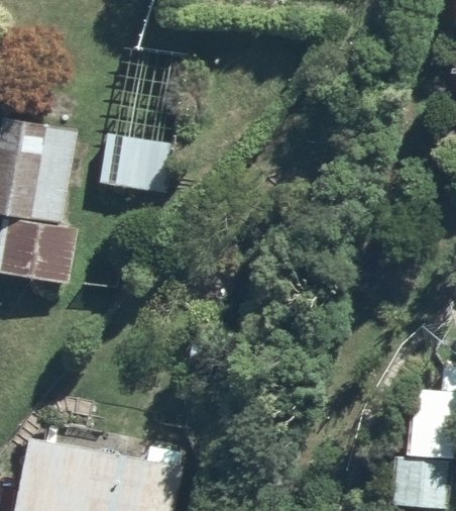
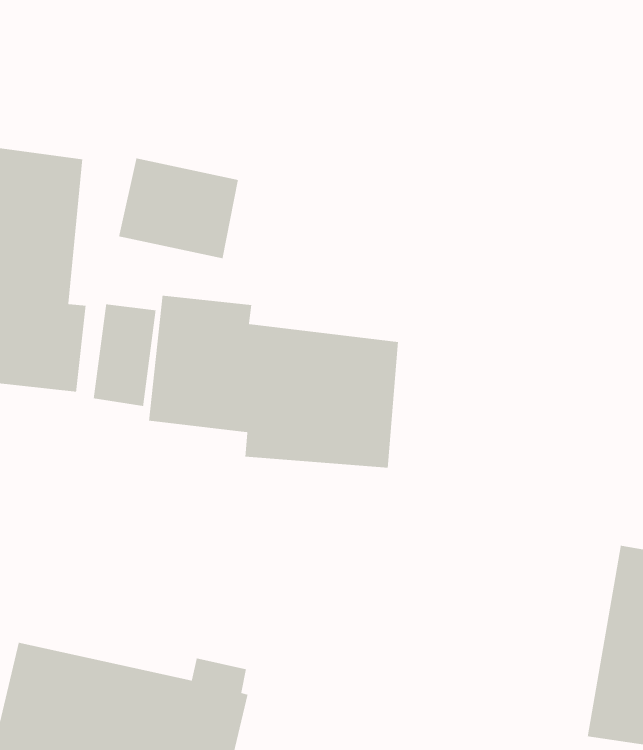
building: none -> [148,295,399,468]

